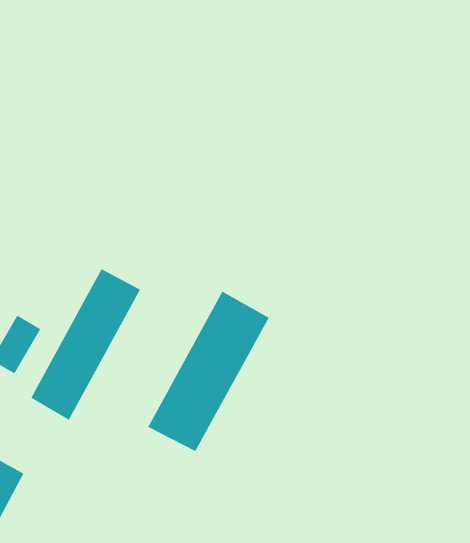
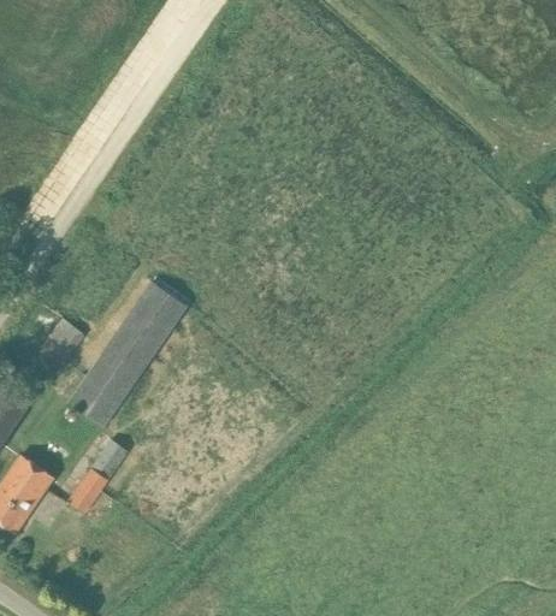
building: [148,291,269,452] -> none
building: none -> [66,438,129,514]

